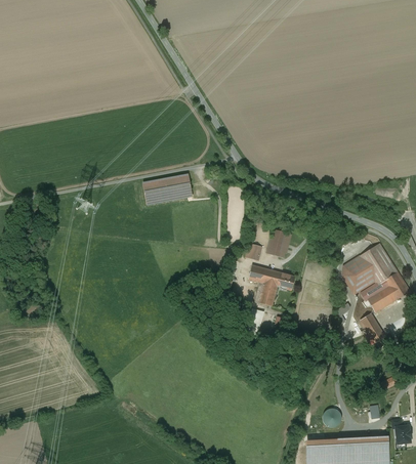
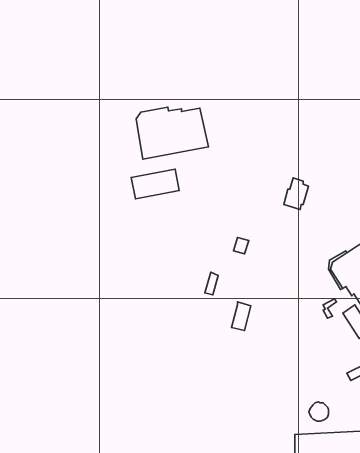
building: none -> [136,107,208,159]
building: [266,226,291,258] -> [284,178,308,210]
building: [247,265,294,307] -> none

